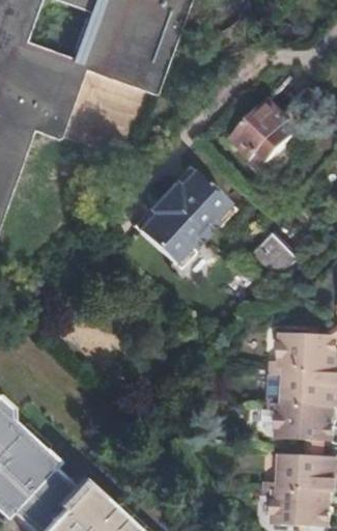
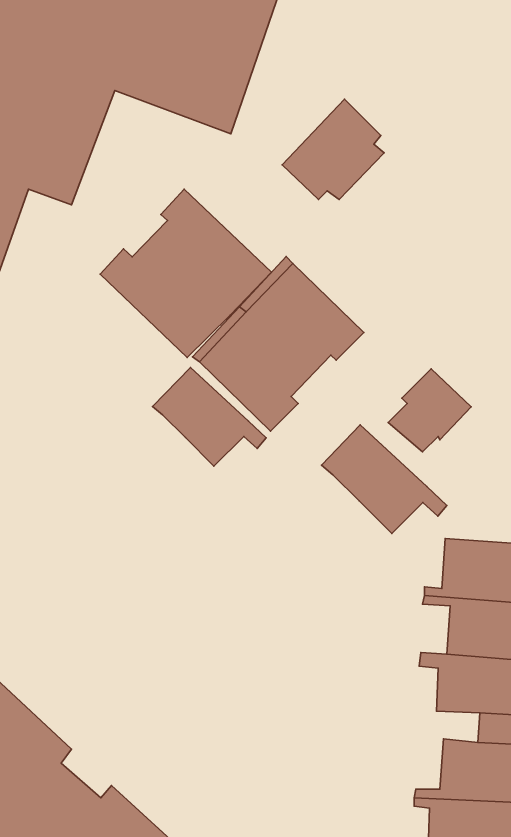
building: [234,102,296,162] -> [282,99,384,199]
building: none -> [100,189,271,358]
building: none -> [153,367,266,466]
building: none -> [322,425,447,533]

